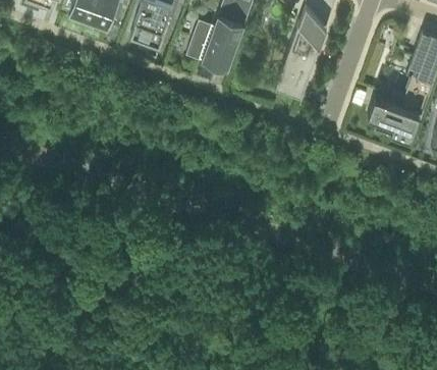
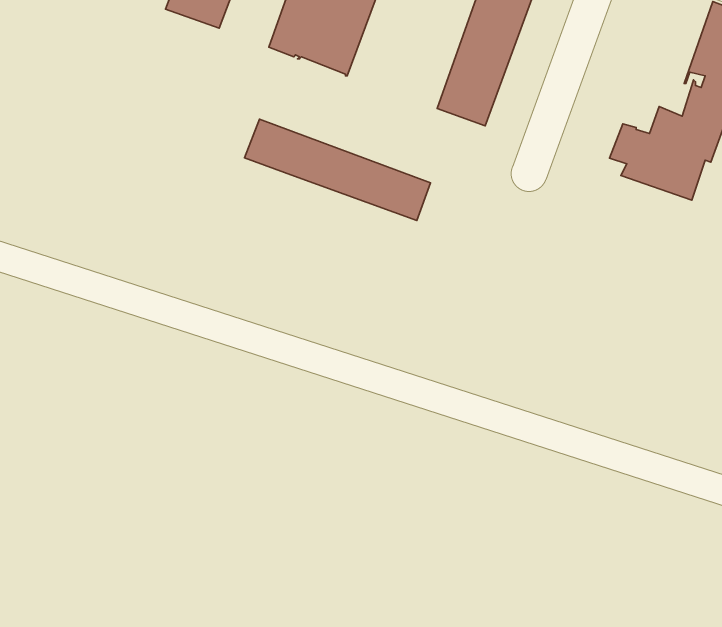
building: none -> [245,119,431,220]

